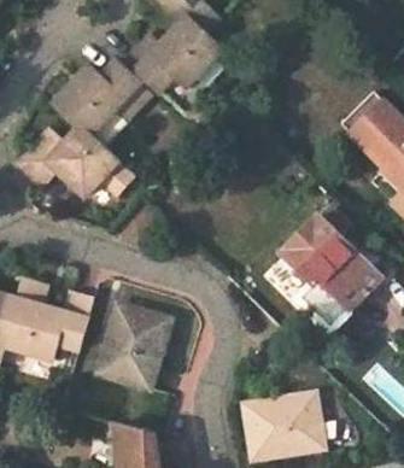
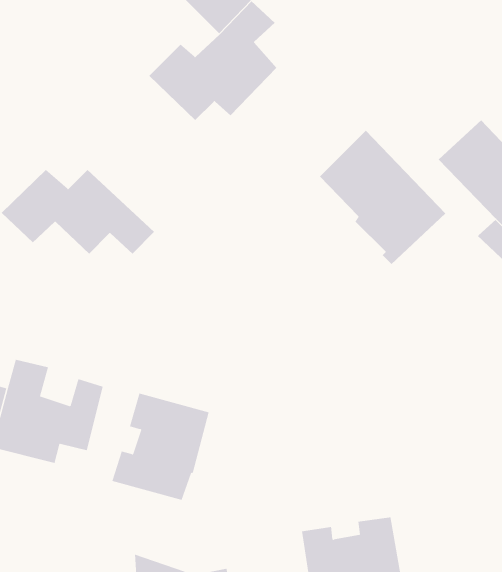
building: [53,66,148,139] -> none
building: [288,220,383,321] -> [319,130,446,265]

